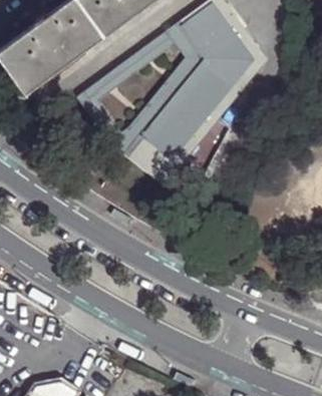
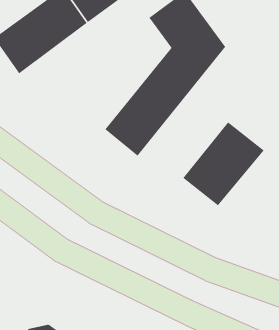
building: [72,29,197,159] -> none
building: none -> [182,121,265,206]

